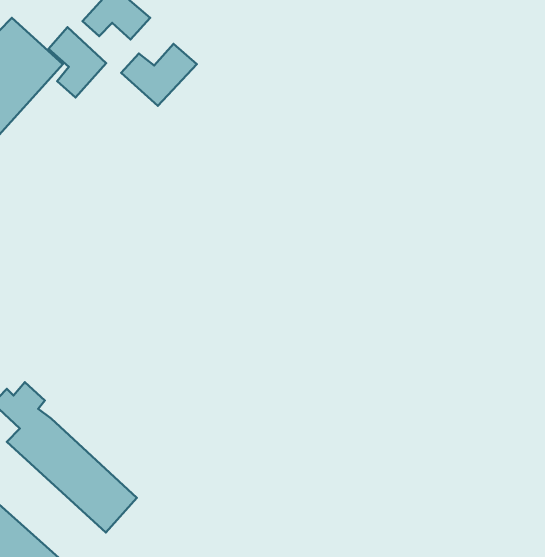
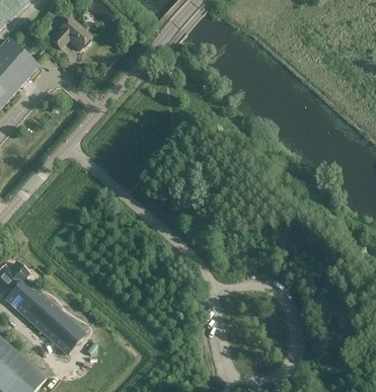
building: [49,27,106,98] -> none
building: [121,44,197,106] -> none

